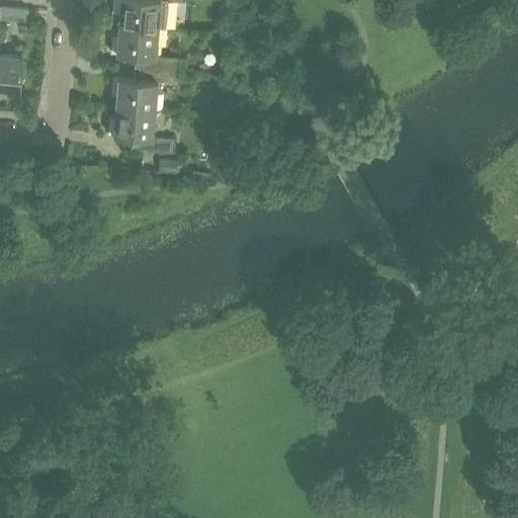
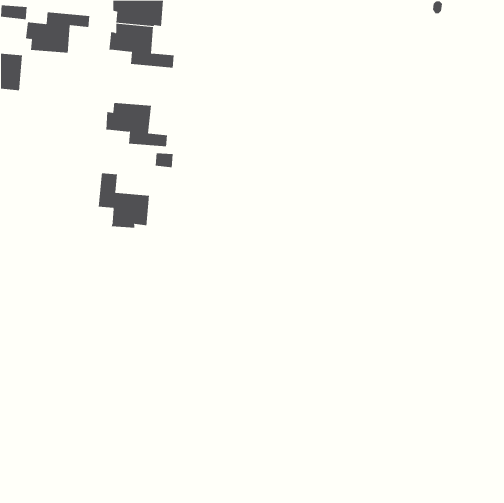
building: [111,67,178,109] -> [25,12,90,53]
building: none -> [98,172,149,229]

